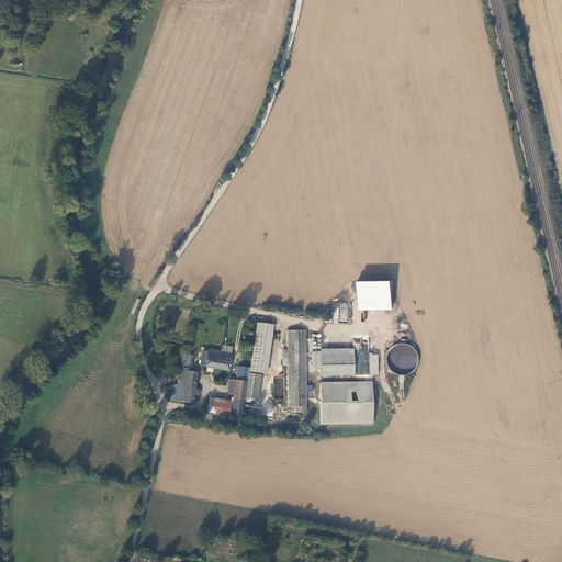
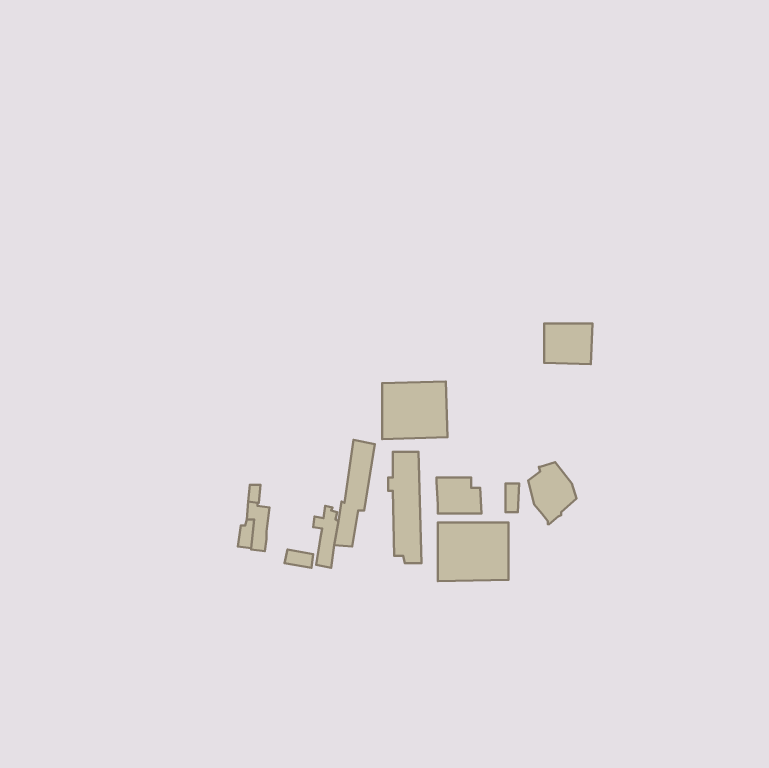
building: none -> [382,381,447,439]
building: [357,280,392,310] -> [544,324,592,364]
building: [200,344,232,369] -> none

